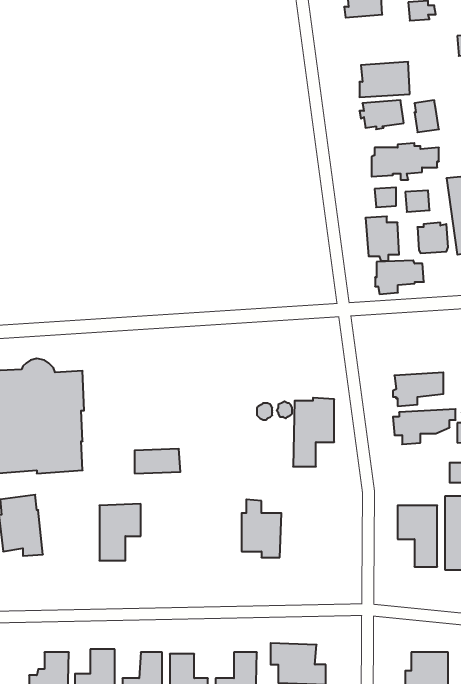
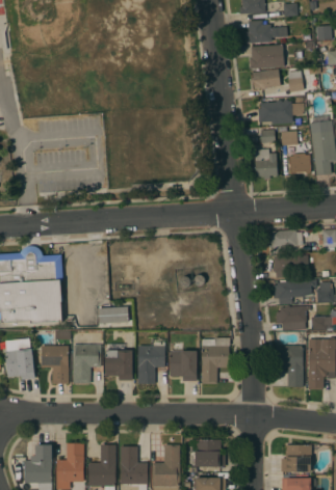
building: none -> [247,21,287,44]
building: [375,260,424,294] -> [269,230,303,253]
building: [293,398,334,467] -> [201,337,229,384]
building: none -> [276,305,310,330]
building: none -> [137,338,165,384]
building: none -> [105,344,132,381]
building: none -> [41,346,69,384]

